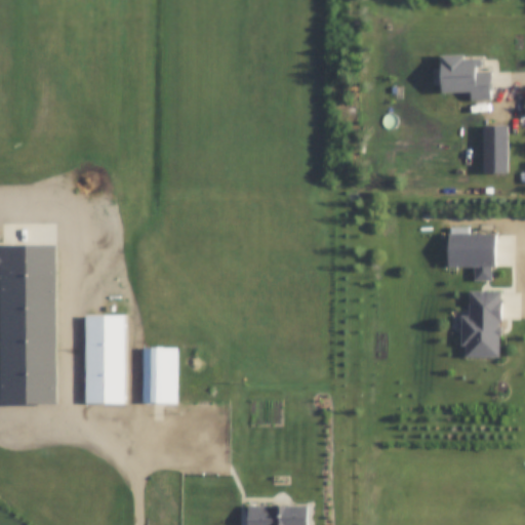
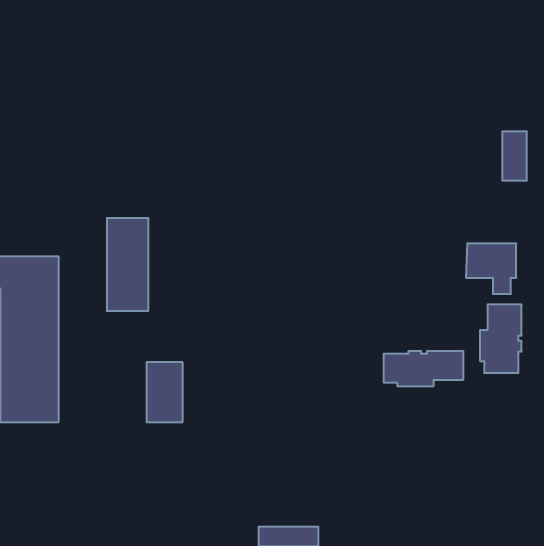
building: [440,55,490,99] -> none
building: [83,316,123,405] -> [107,218,148,311]
building: none -> [384,351,463,386]

